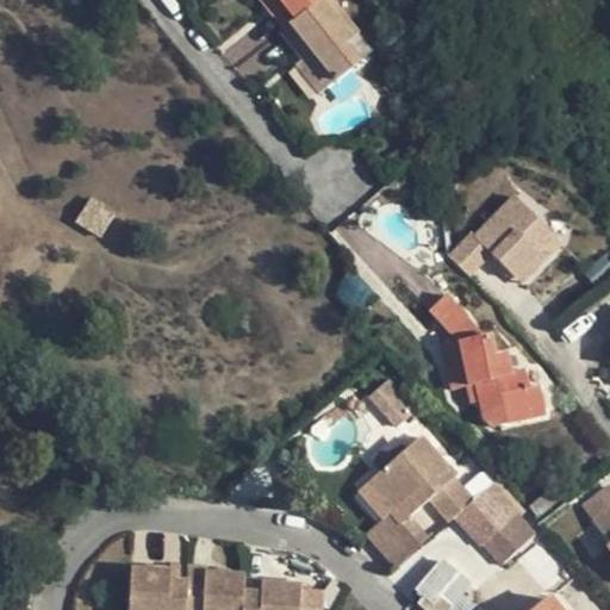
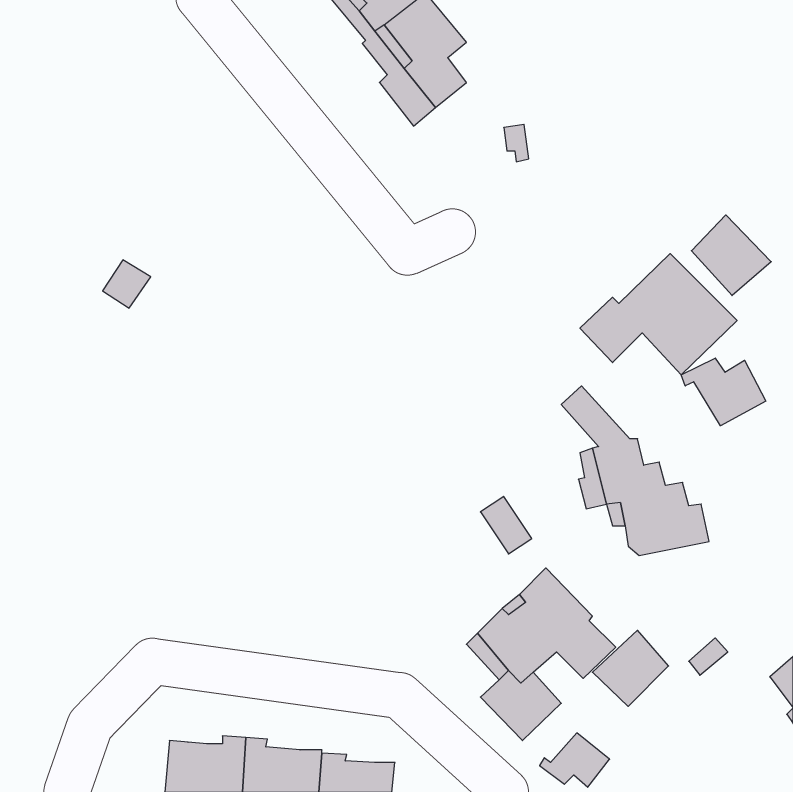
building: none -> [691,215,771,296]
building: none -> [681,358,766,426]
building: [481,510,542,571] -> none

